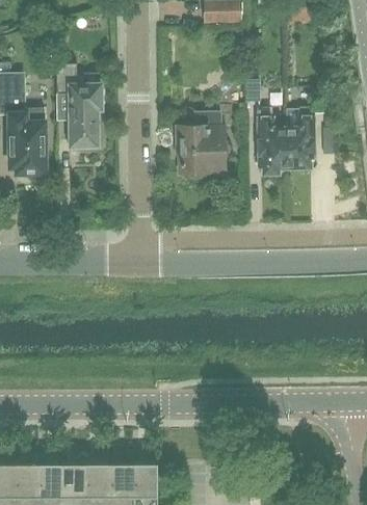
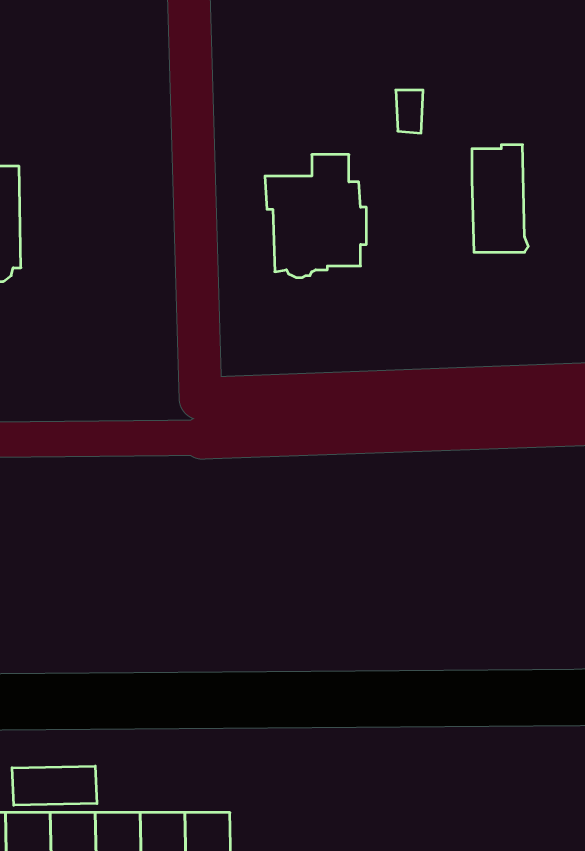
building: [57,65,102,148] -> none
building: [259,109,287,172] -> none
building: none -> [12,766,97,805]

